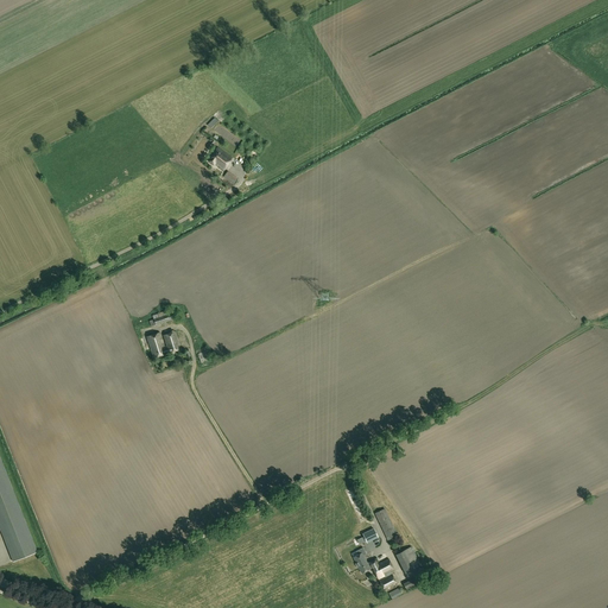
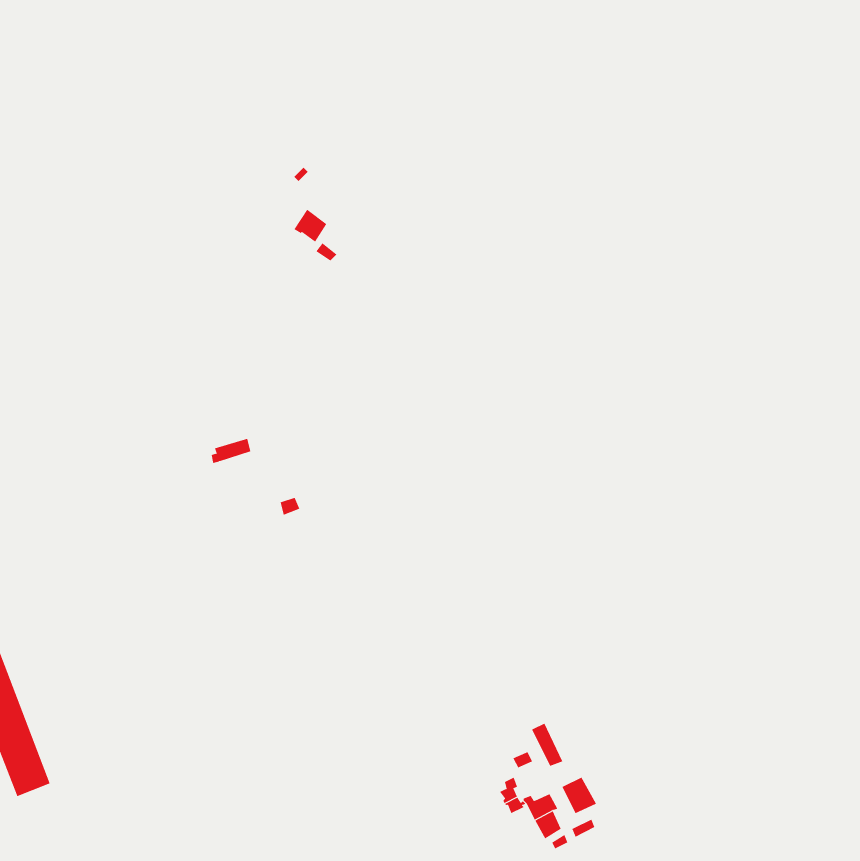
building: [146,332,179,359] -> none

